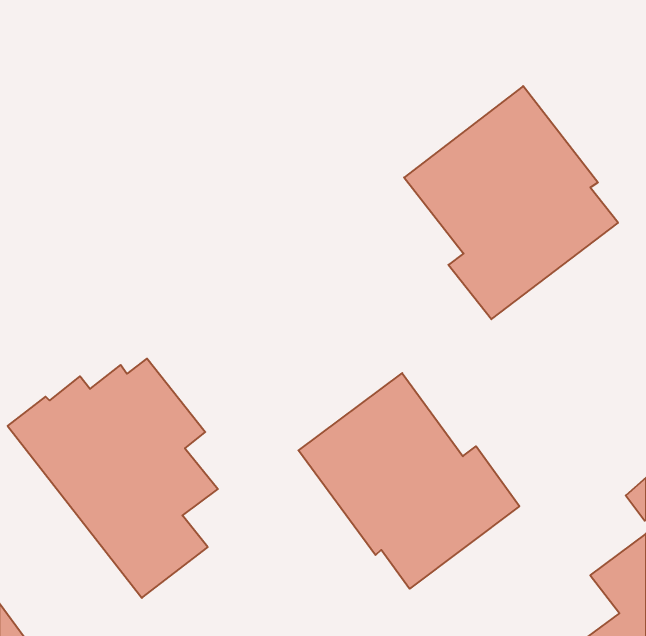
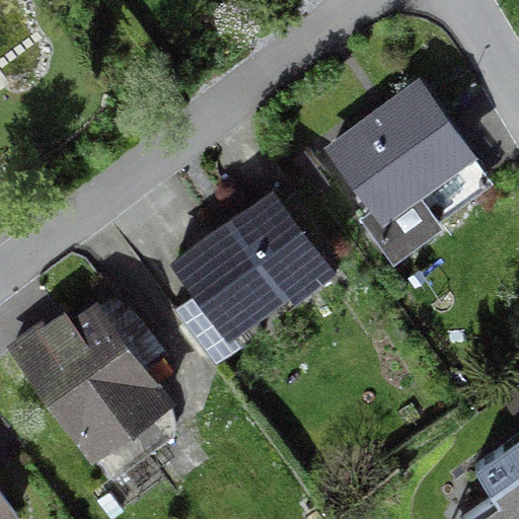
building: none -> [169,184,337,370]
building: [298,373,519,589] -> none

